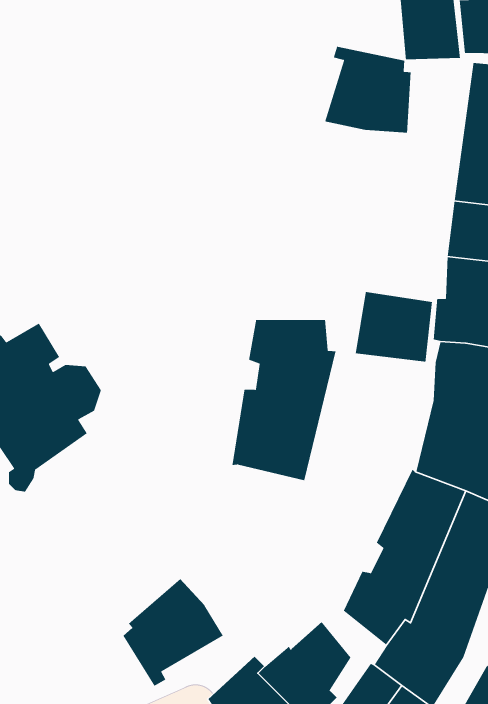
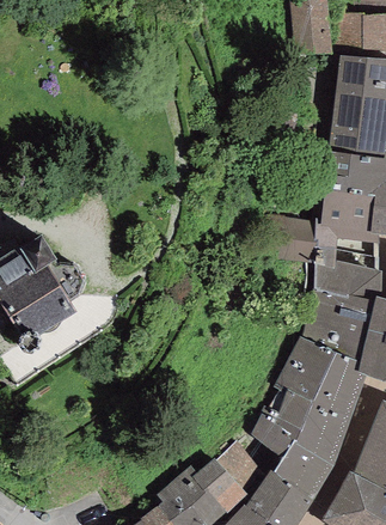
building: [324,46,411,133] -> none
building: [231,319,336,481] -> none
building: [122,578,224,687] -> none

